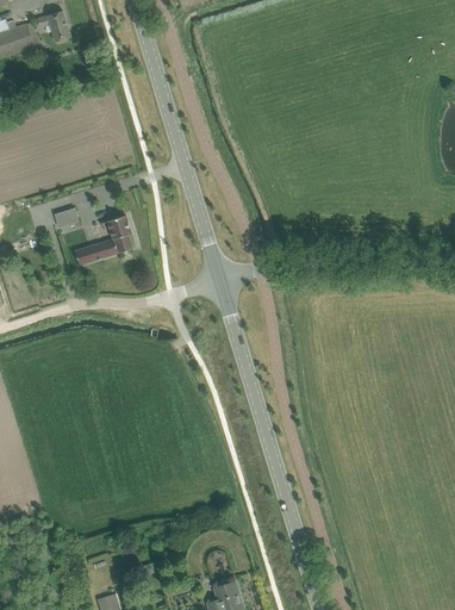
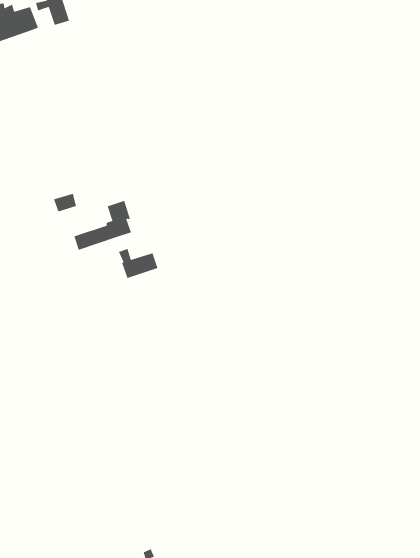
building: none -> [118,248,158,279]

